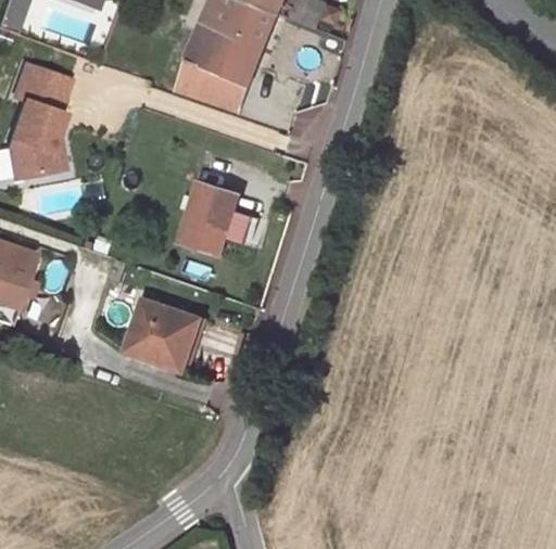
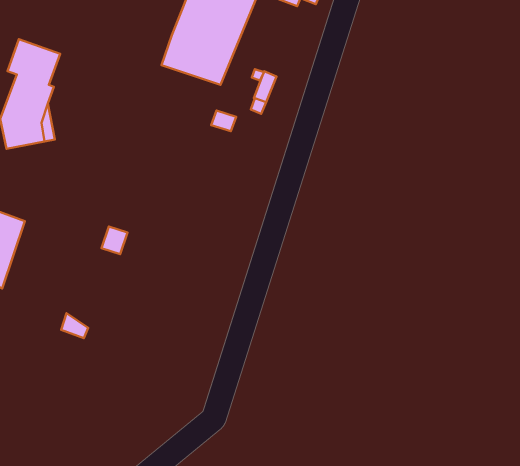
building: [180,181,240,255] -> none
building: [127,299,202,370] -> none

